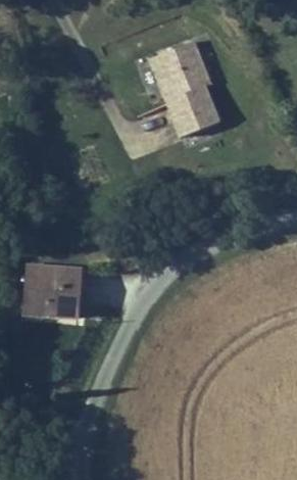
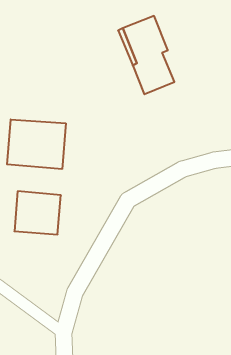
building: none -> [7,119,66,169]

